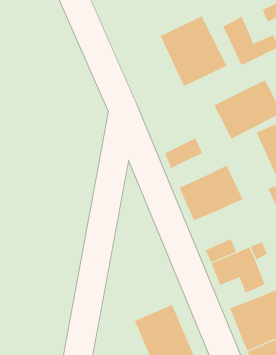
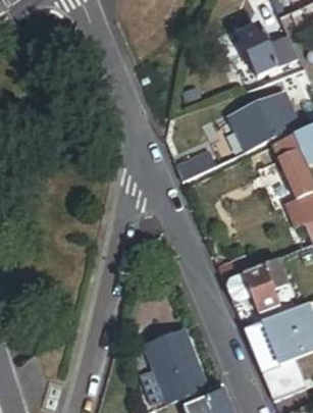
building: [160,16,227,87] -> none
building: [179,165,243,221] -> none

